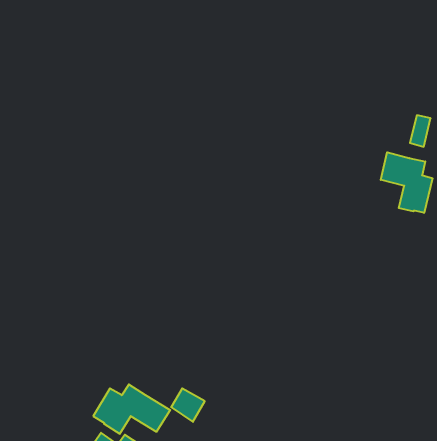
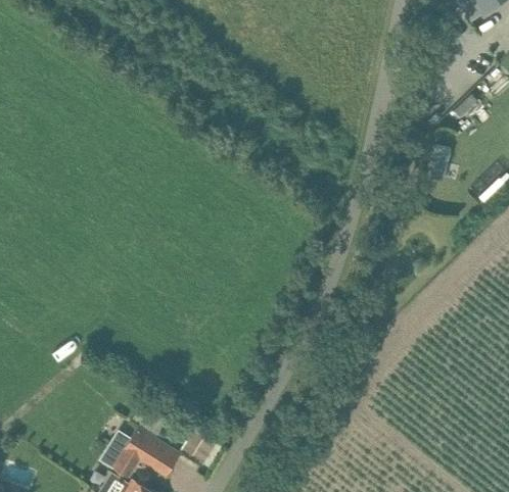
building: [381,152,433,213] -> none

